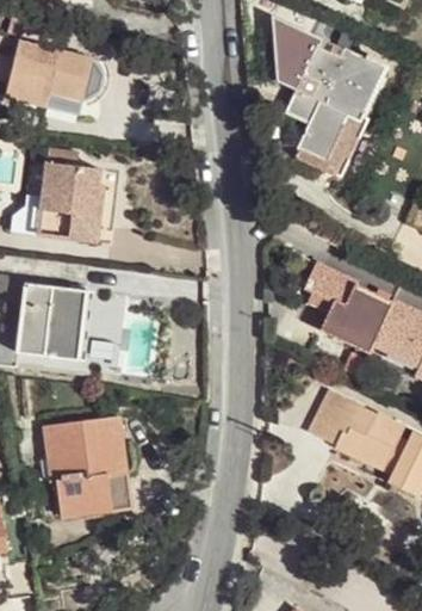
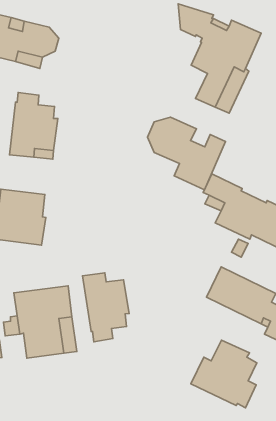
building: none -> [147,117,225,190]
building: none -> [83,273,129,342]
building: none -> [191,340,257,408]

